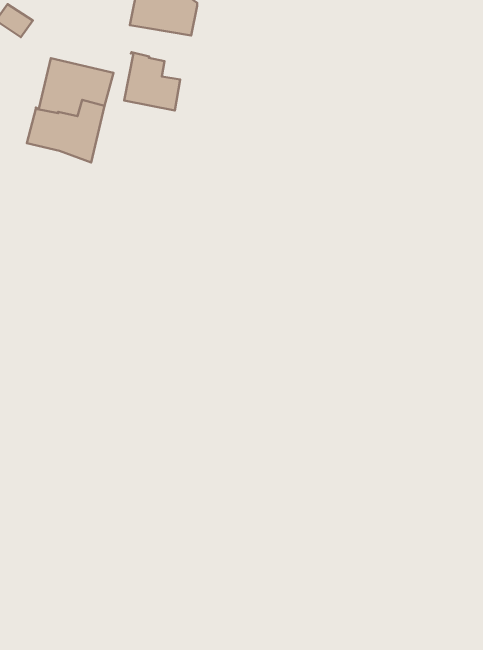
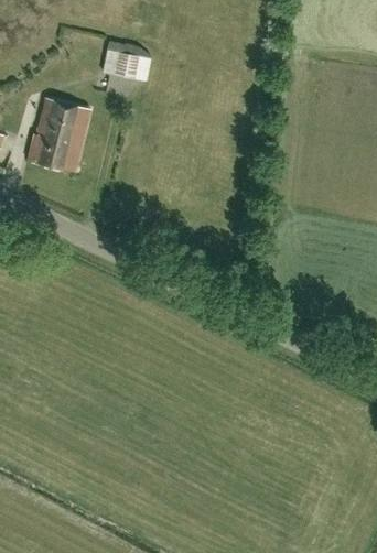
building: [124,52,180,111] -> none

